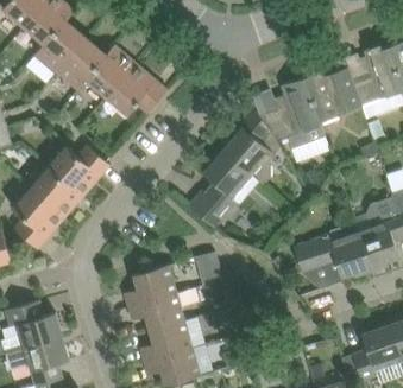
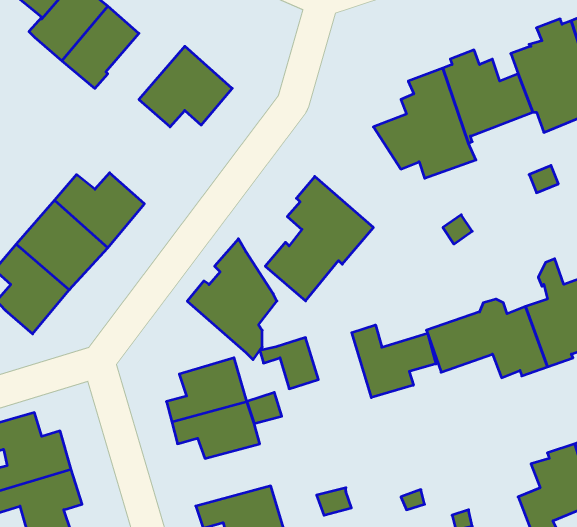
building: [84,44,136,97] -> none
building: [220,107,278,185] -> [187,239,277,360]
building: none -> [352,325,436,398]
building: [139,320,191,361] -> none

